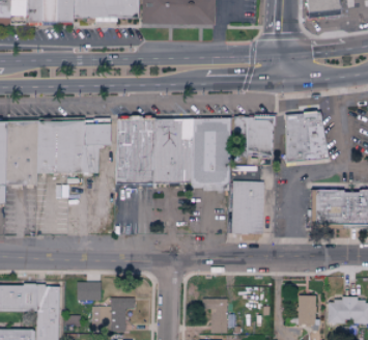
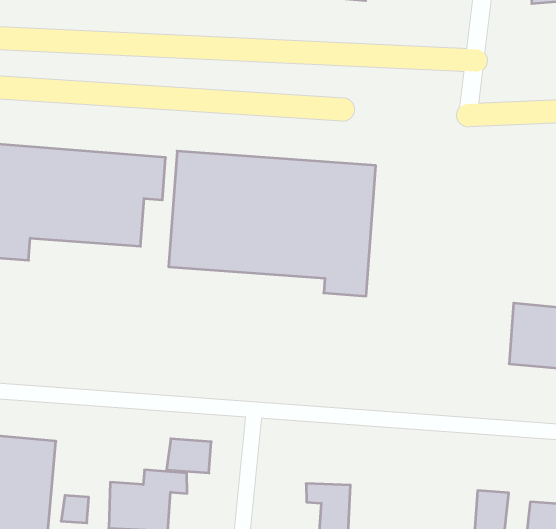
building: [284,112,323,161] -> none
building: [233,115,273,157] -> none
building: [231,180,263,234] -> none
building: [76,282,100,300] -> [167,439,211,473]

